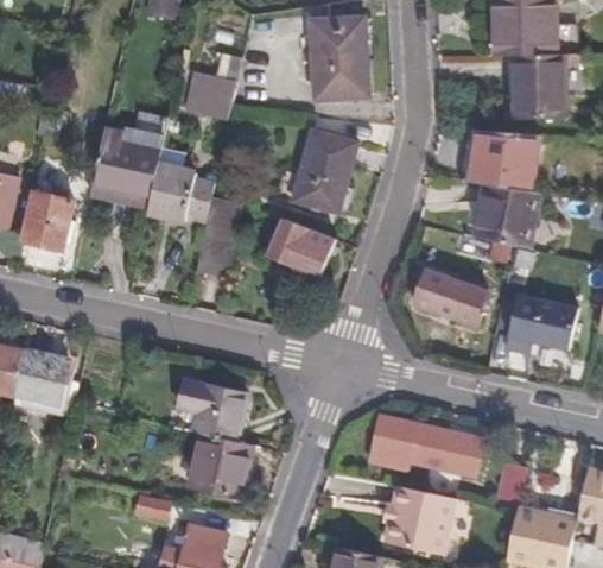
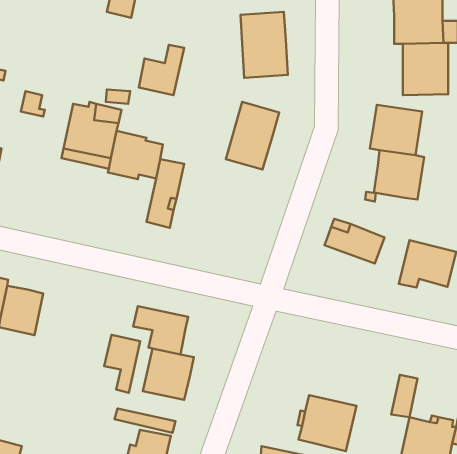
building: [24,195,74,253] -> none
building: [268,221,334,285] -> none
building: none -> [104,335,140,393]
building: [369,414,482,473] -> none

